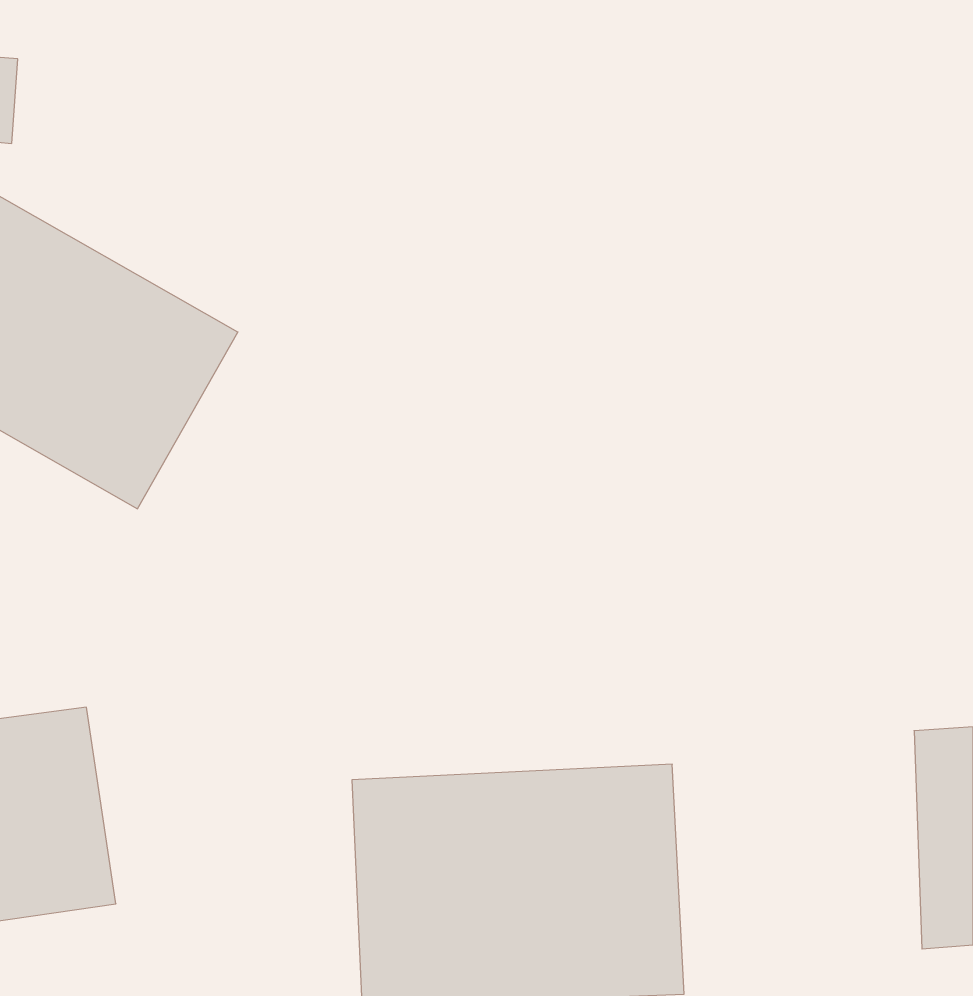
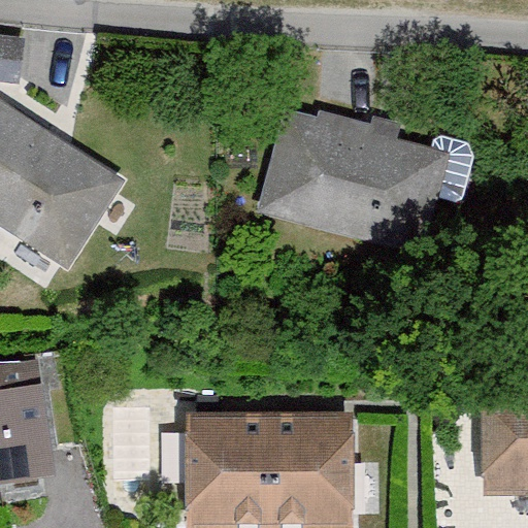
building: none -> [265,109,451,249]

